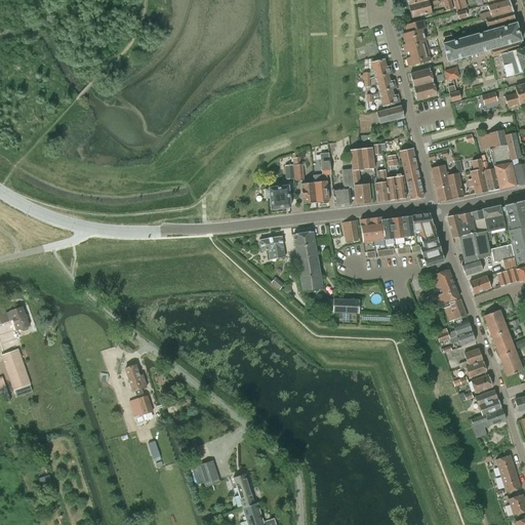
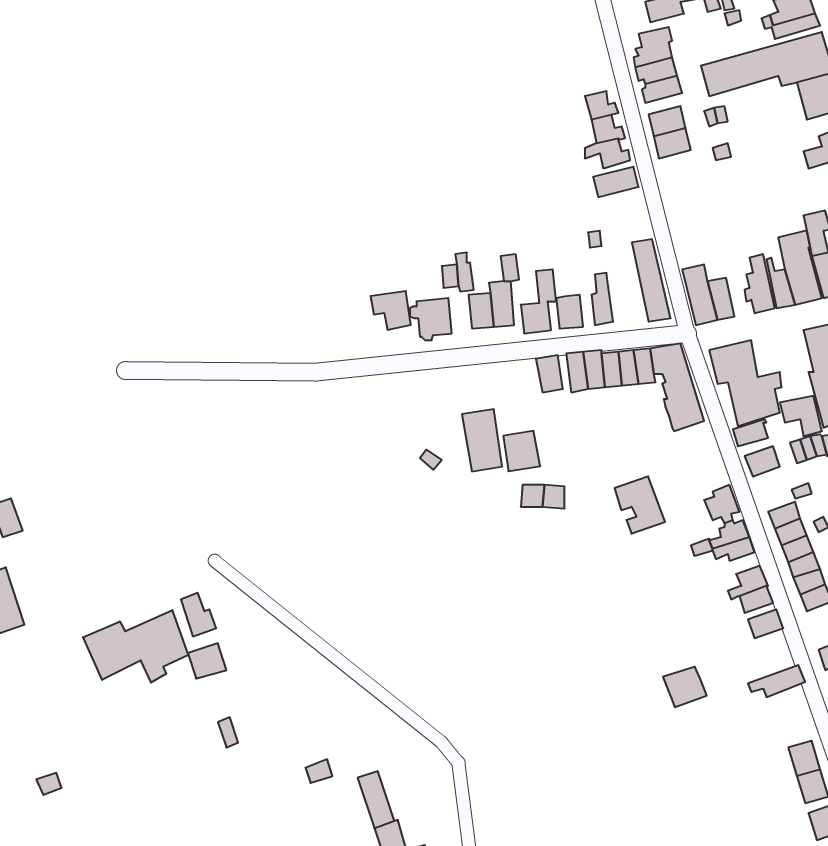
building: [478,128,507,150] -> none
building: [351,148,374,169] -> none
building: [387,175,407,199] -> none
building: [474,204,506,233] -> none
building: [294,231,317,255] -> [503,431,540,471]
building: [260,236,285,259] -> [371,291,411,330]
building: [429,269,459,304] -> [615,476,665,534]
building: none -> [83,610,188,683]
building: [476,390,502,414] -> [663,667,707,707]

